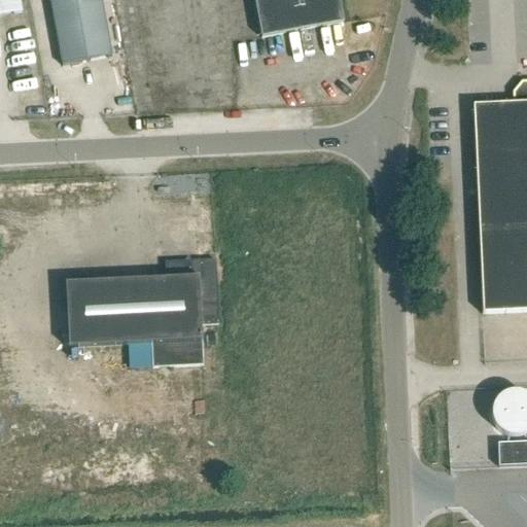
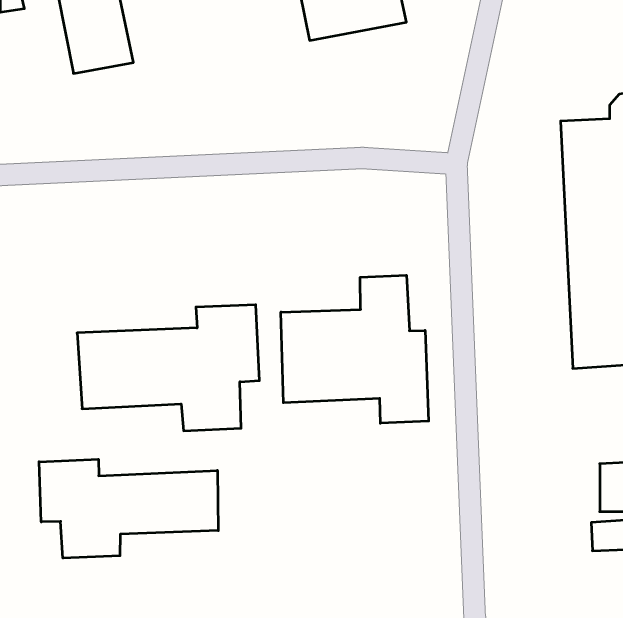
building: none -> [281,275,429,423]
building: none -> [39,459,218,558]

